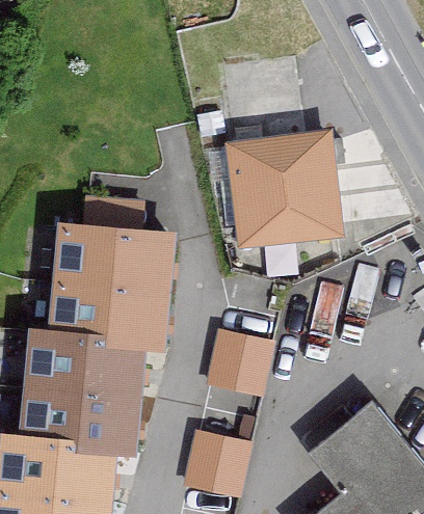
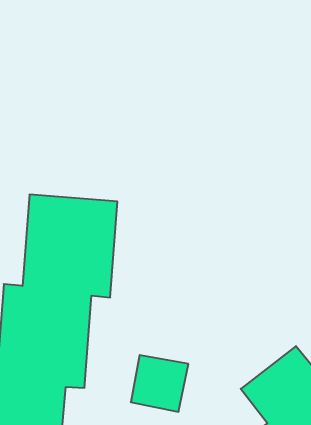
building: [231,139,344,251] -> none
building: [204,317,273,385] -> none

